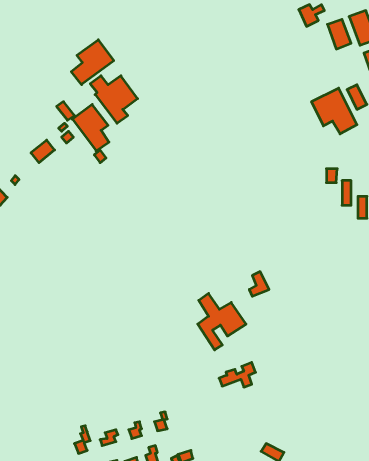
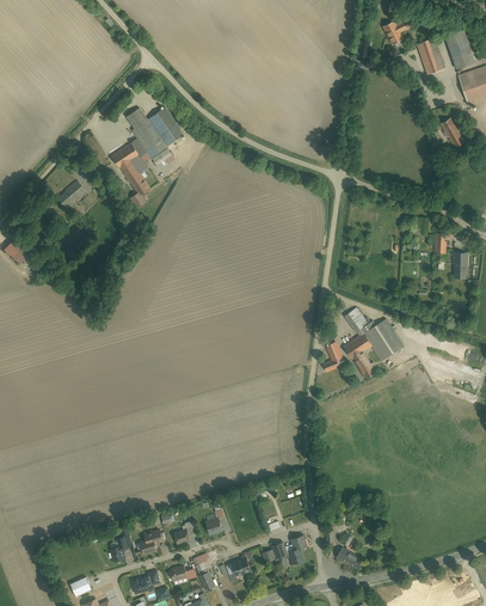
building: [71,40,114,85] -> none
building: [312,88,357,134] -> none
building: [198,293,246,350] -> [345,306,404,374]
building: [219,362,256,387] -> [264,534,308,564]

